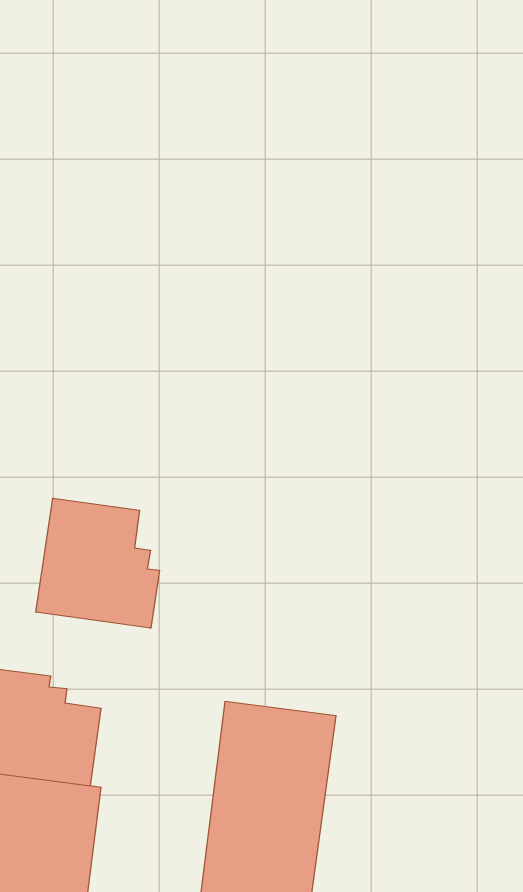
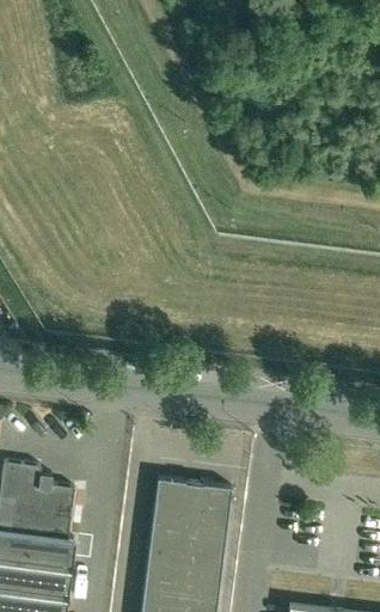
building: [36,498,159,628] -> none

